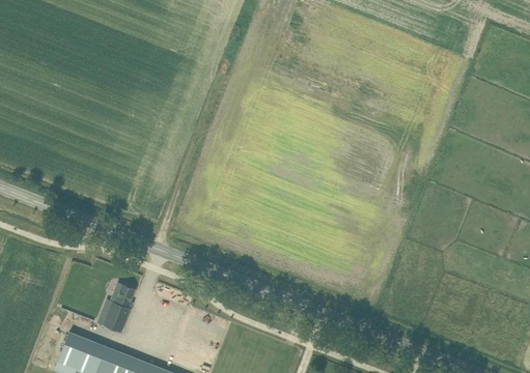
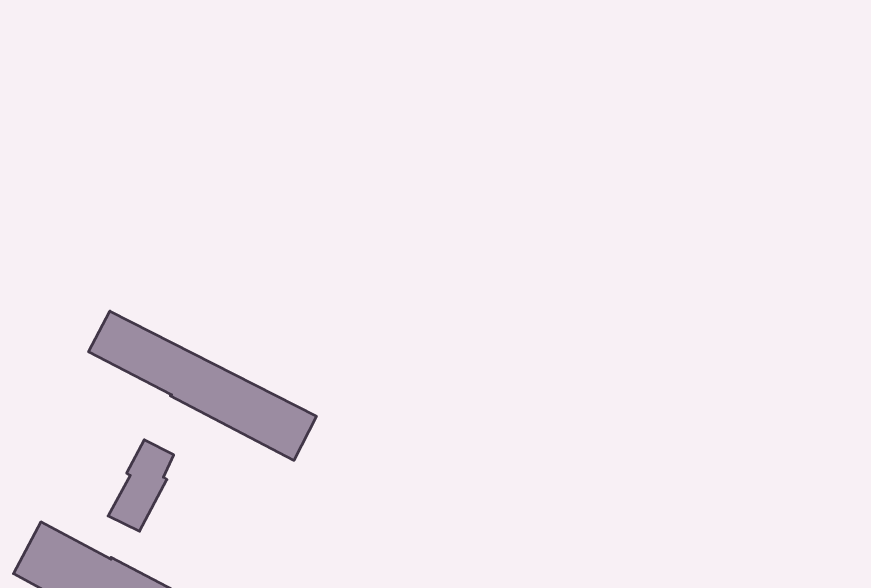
building: none -> [89,311,316,460]

